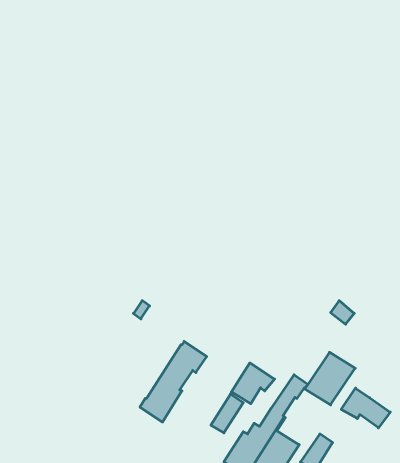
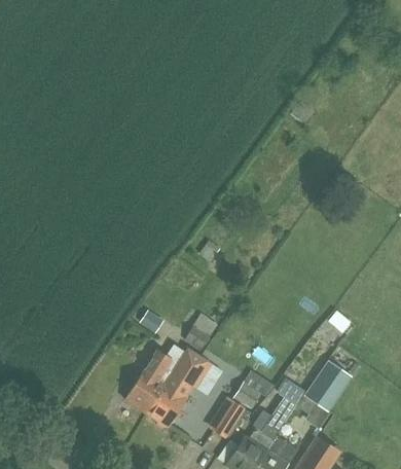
building: none -> [184,314,217,350]
building: none -> [125,346,185,412]
building: [341,388,390,428] -> none

